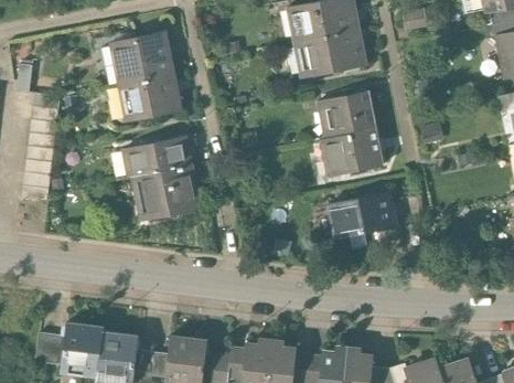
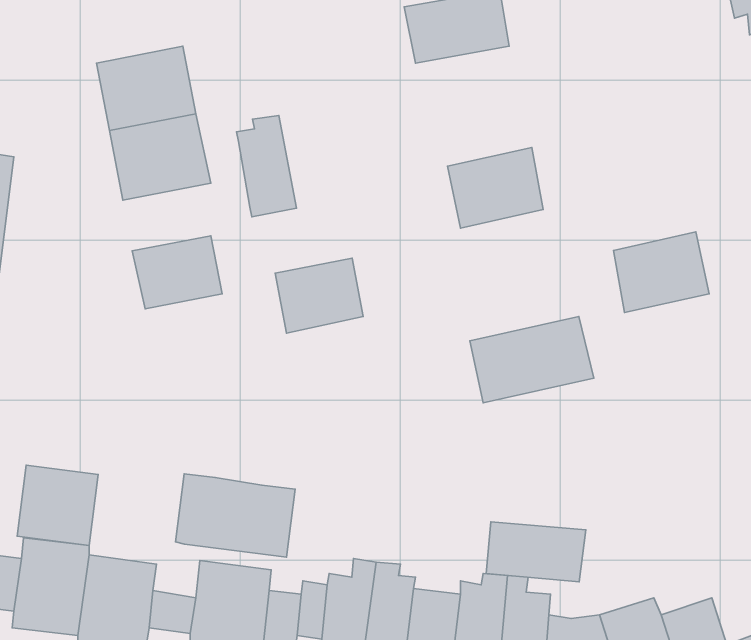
building: [298,31,360,75] -> none
building: none -> [236,115,296,217]
building: [324,127,381,174] -> [613,232,709,313]
building: [139,177,191,221] -> [275,258,363,333]
building: none -> [17,465,98,545]
building: none -> [175,474,295,557]
building: none -> [486,522,586,582]

